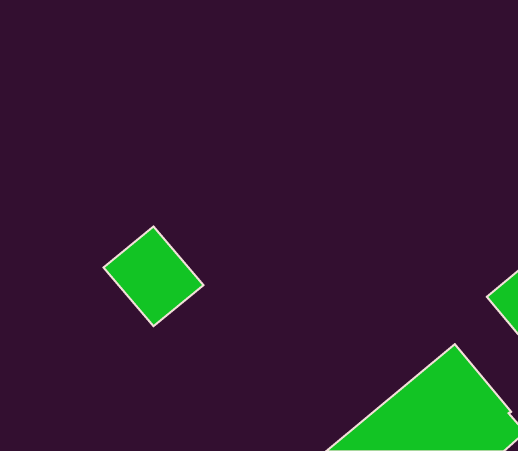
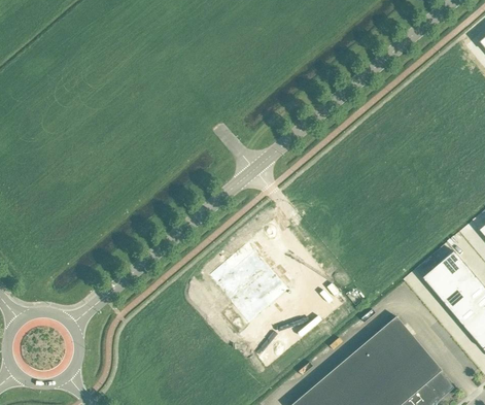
building: [104,227,203,326] -> [208,241,288,322]

